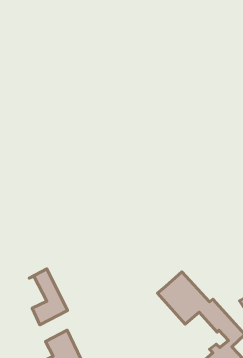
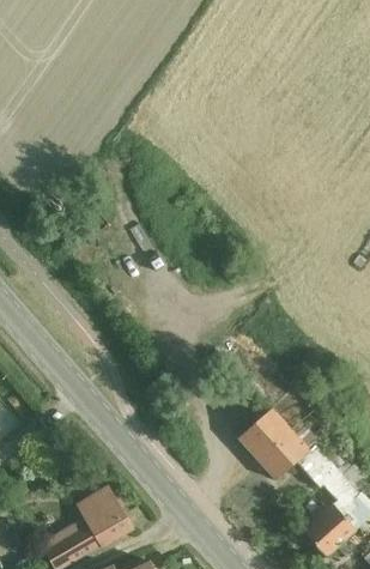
building: [29,269,68,325] -> none

